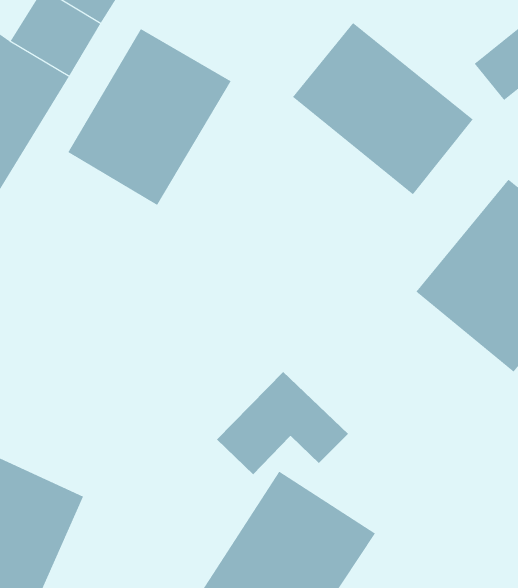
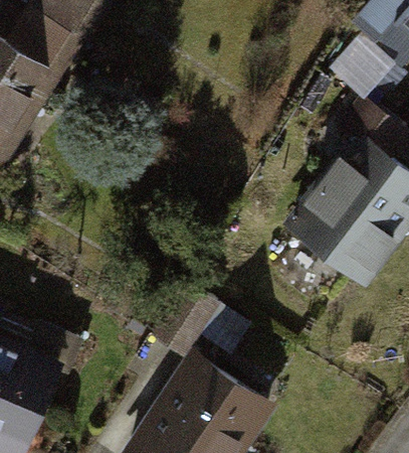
building: [292,22,473,195] -> none
building: [68,28,231,206] -> none

